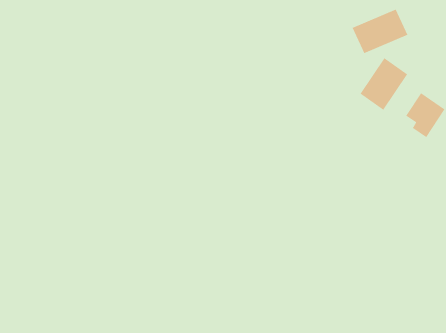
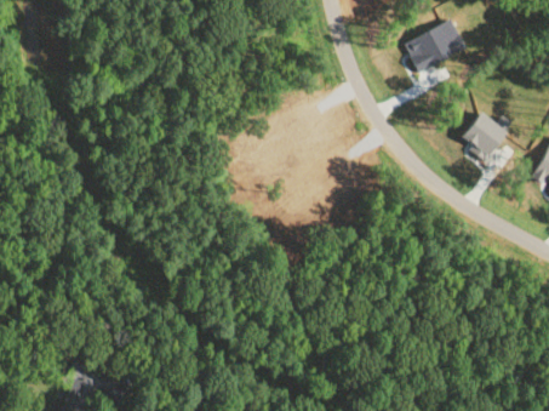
building: [360,57,408,111] -> none

